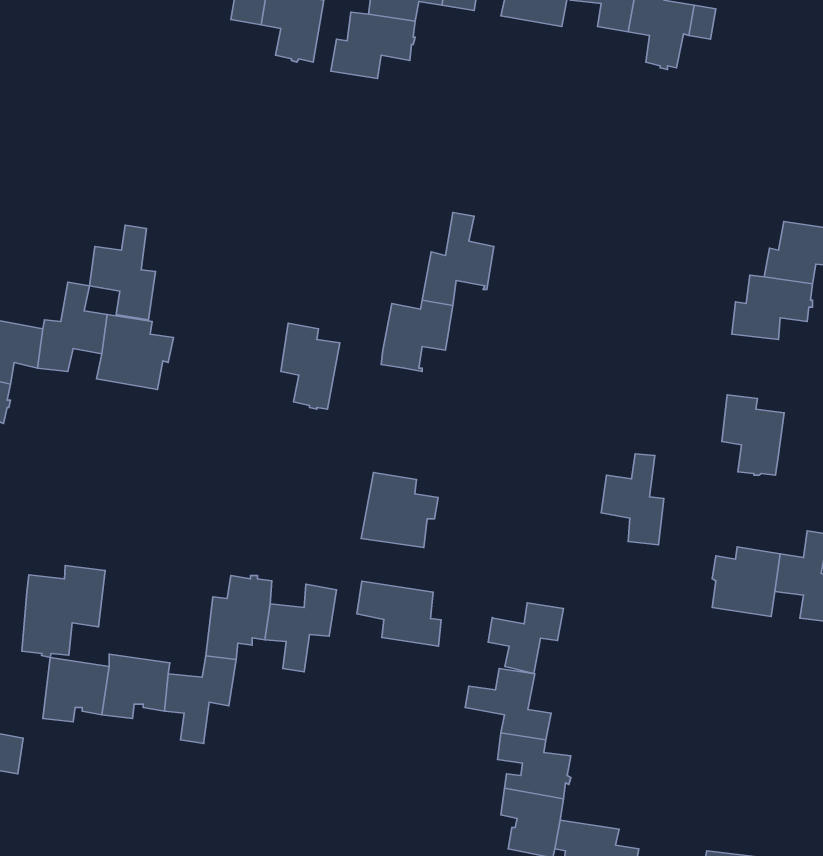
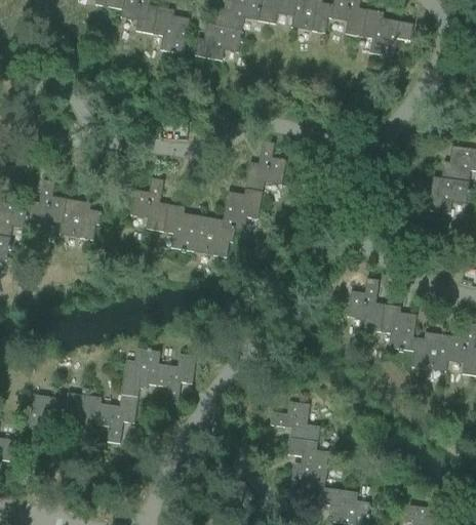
building: [89,225,156,320] -> [130,176,168,231]
building: [722,395,784,475] -> [381,304,417,350]
building: [361,473,438,548] -> [191,214,235,257]
building: [22,566,105,658] -> none
building: [357,581,441,646] -> none
building: [488,603,563,674] -> none

